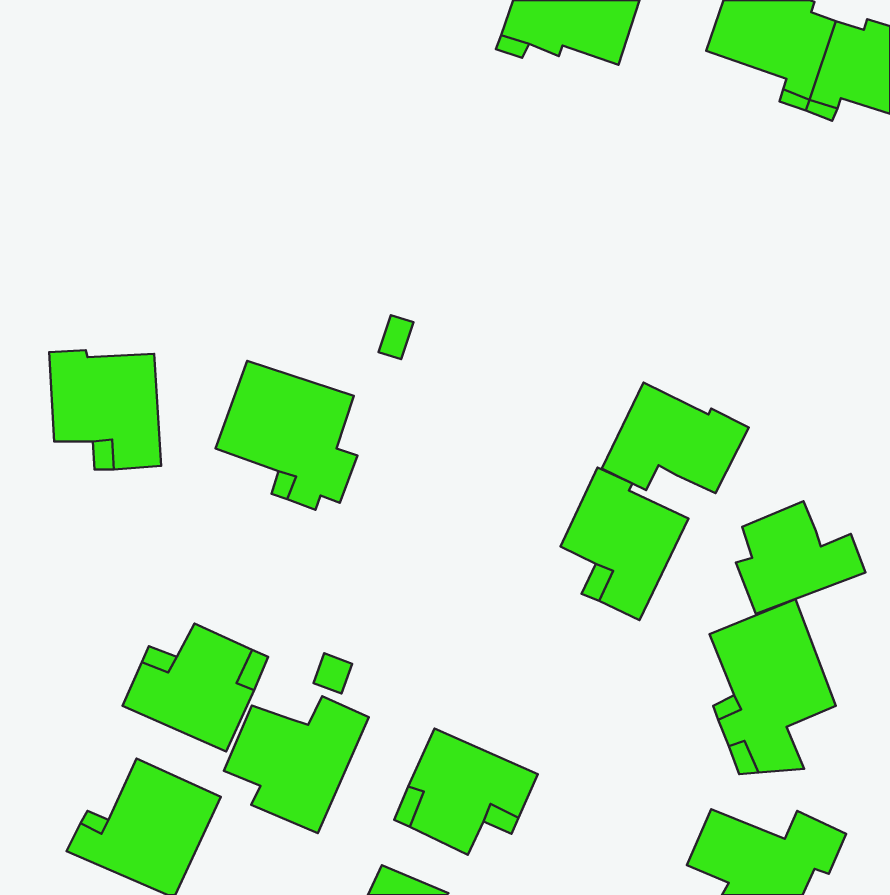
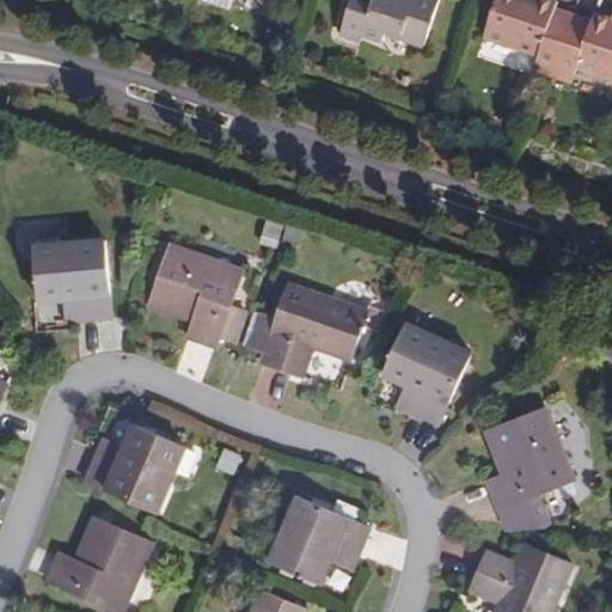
building: [602,383,749,493] -> none
building: none -> [249,286,365,378]
building: [736,501,865,614] -> none
building: [224,696,369,833] -> none

